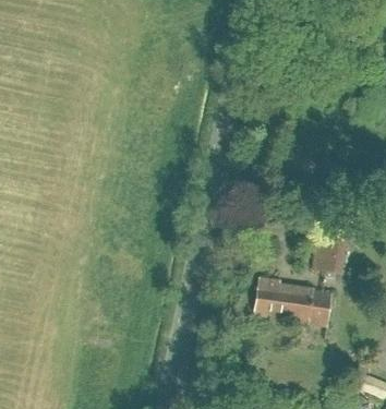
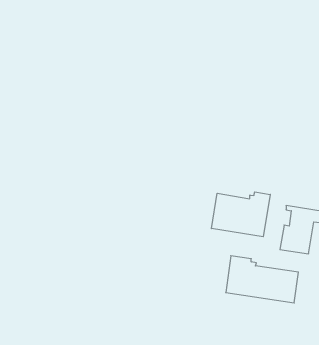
building: none -> [211,192,270,237]

